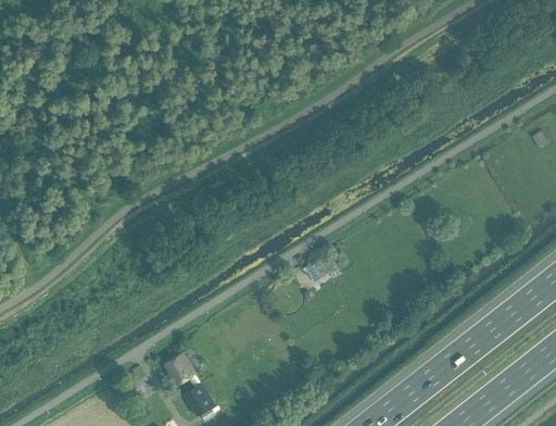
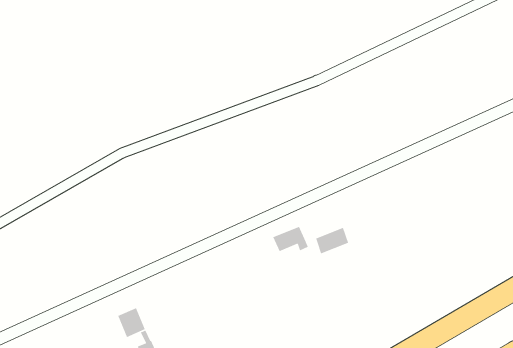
building: none -> [315,227,349,255]

